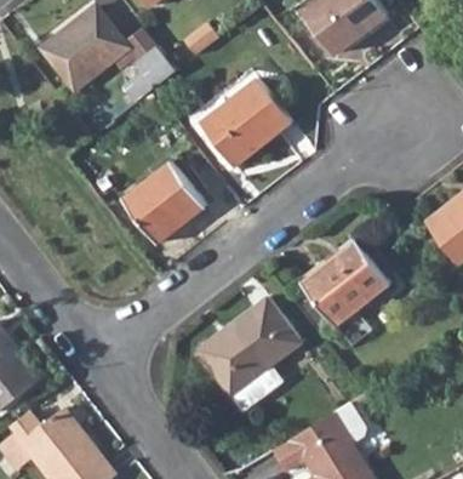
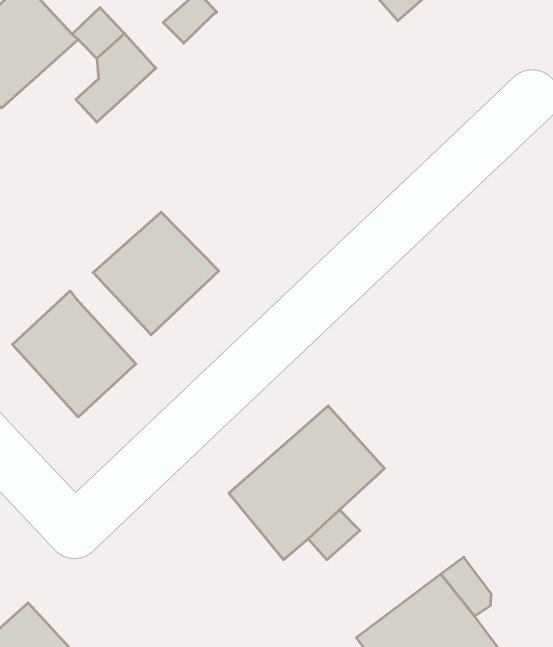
building: [201,79,291,165] -> none
building: none -> [12,291,136,417]
building: [302,241,388,324] -> none

